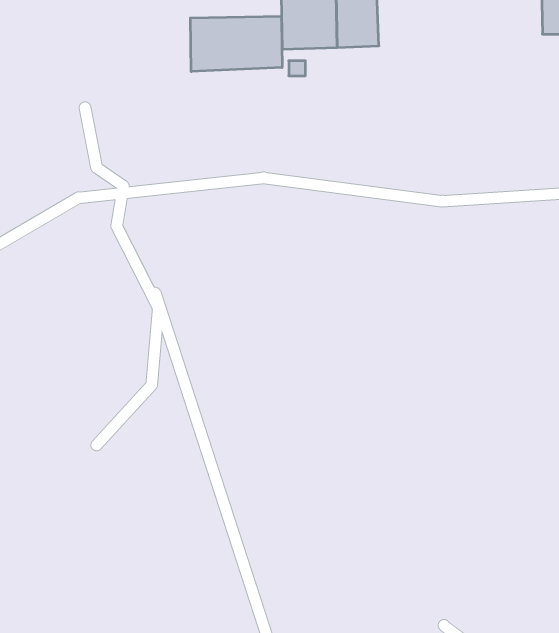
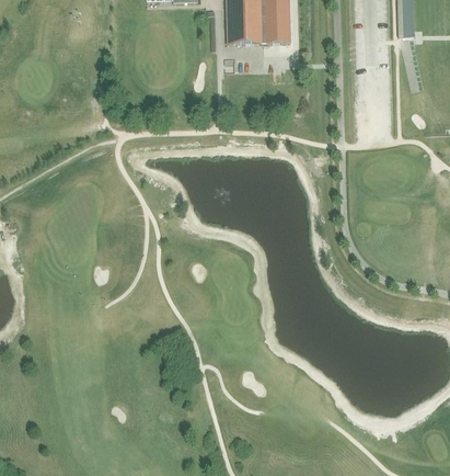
building: [190,16,282,72] -> none

